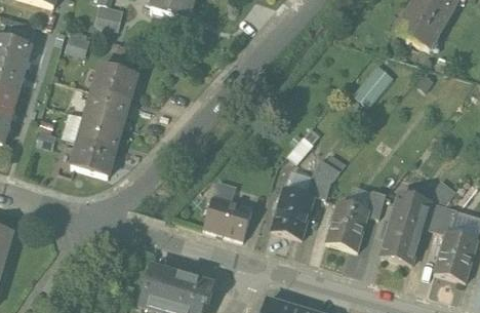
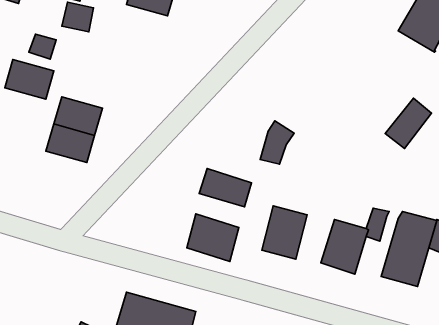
building: [354,57,396,103] -> [385,98,432,148]
building: [92,63,136,99] -> [5,59,54,99]
building: [70,138,115,173] -> none
building: none -> [199,169,252,207]
building: [310,156,341,195] -> [260,121,294,164]

